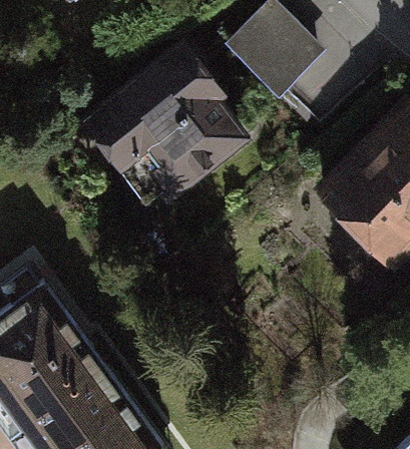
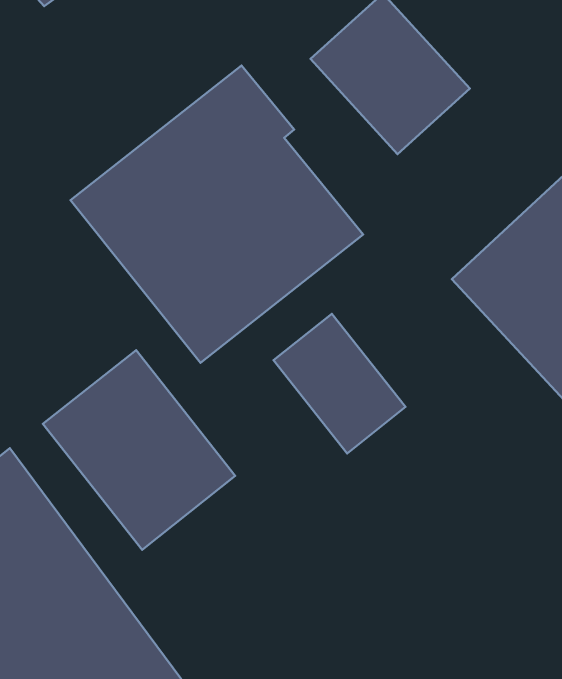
building: none -> [274,314,405,453]
building: none -> [43,350,235,550]

